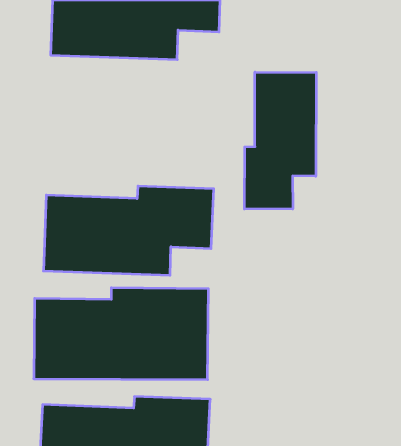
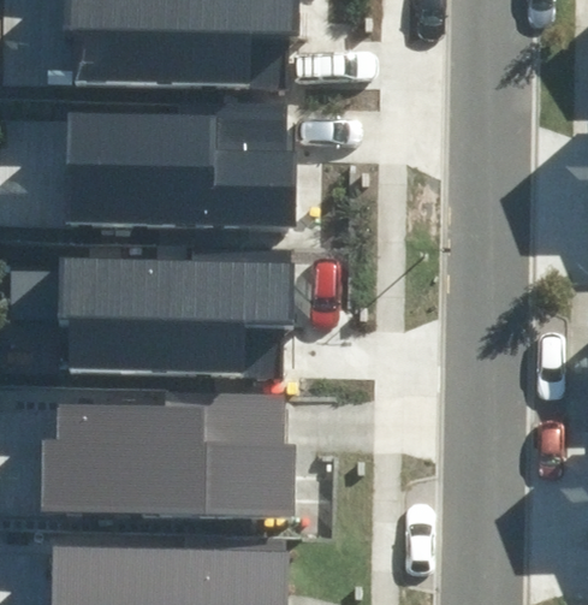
building: [244,72,316,209] -> none
building: none -> [53,112,284,219]

